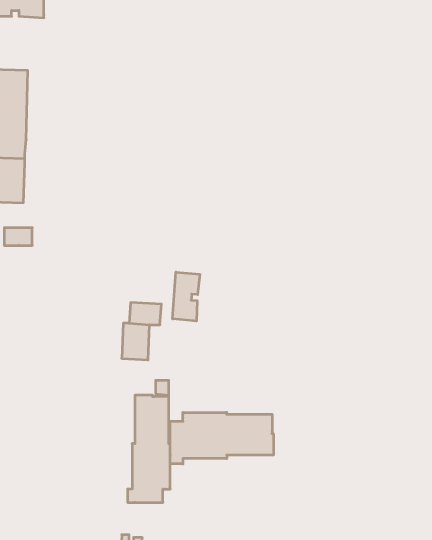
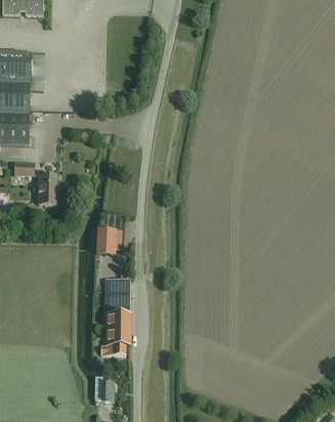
building: none -> [38,175,61,206]
building: [173,272,200,321] -> none
building: [170,412,273,464] -> none

